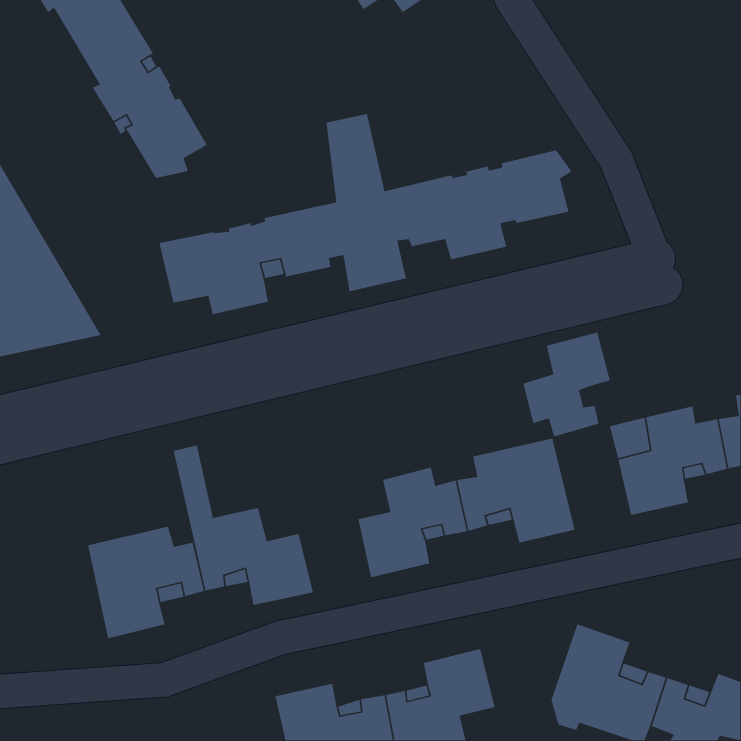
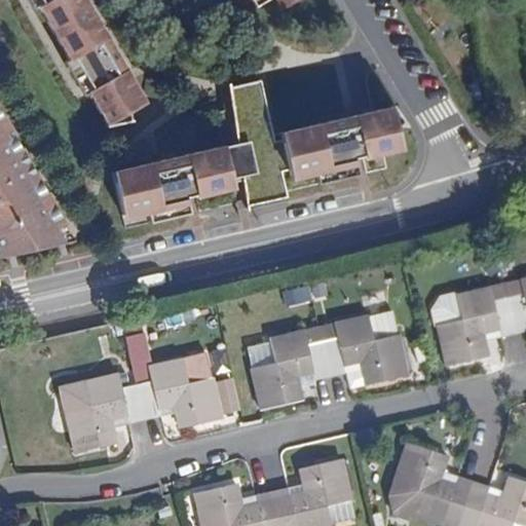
building: [523,332,611,437] -> none

